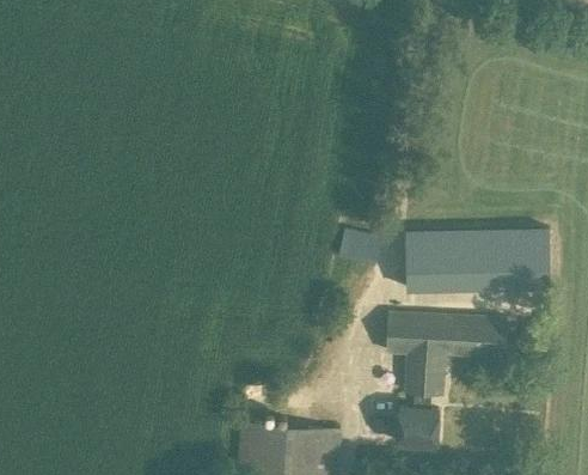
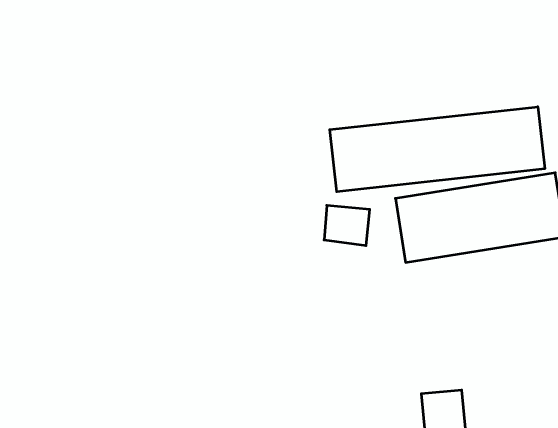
building: none -> [330,107,545,192]
building: [387,311,509,394] -> none

